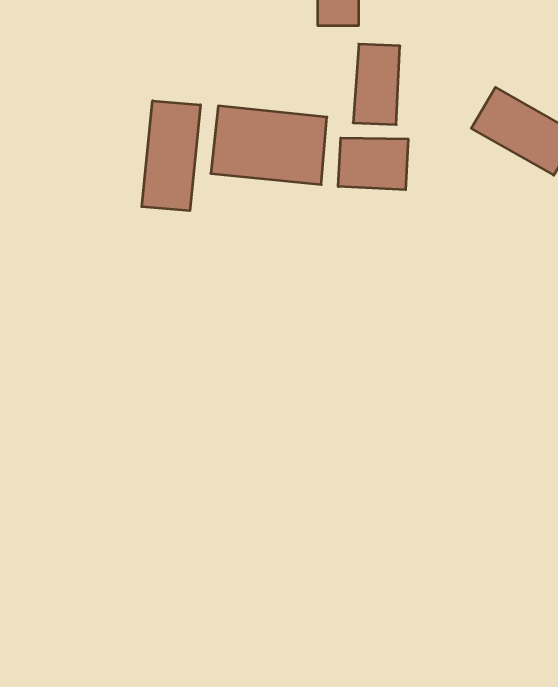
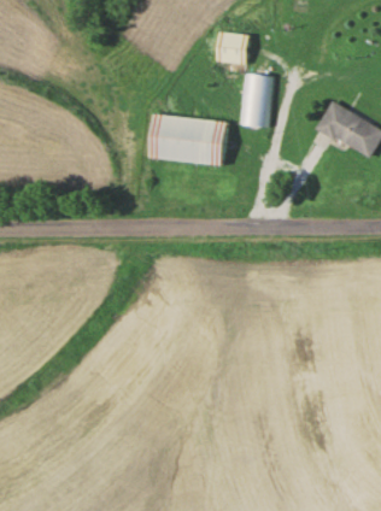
building: [142,101,200,211] -> none
building: [338,138,408,190] -> none

